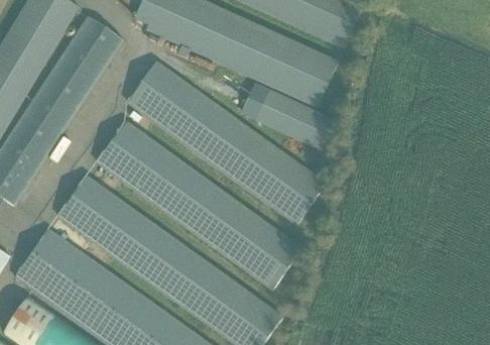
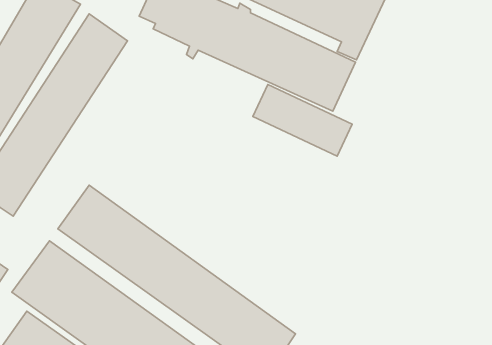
building: [127,62,326,224] -> none
building: [95,120,301,289] -> none

